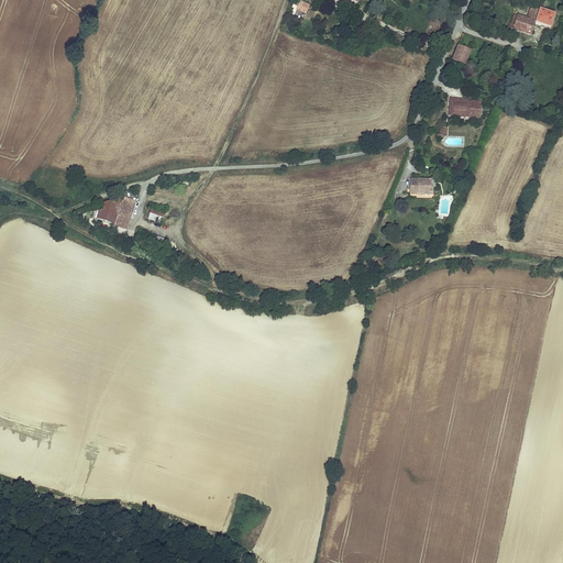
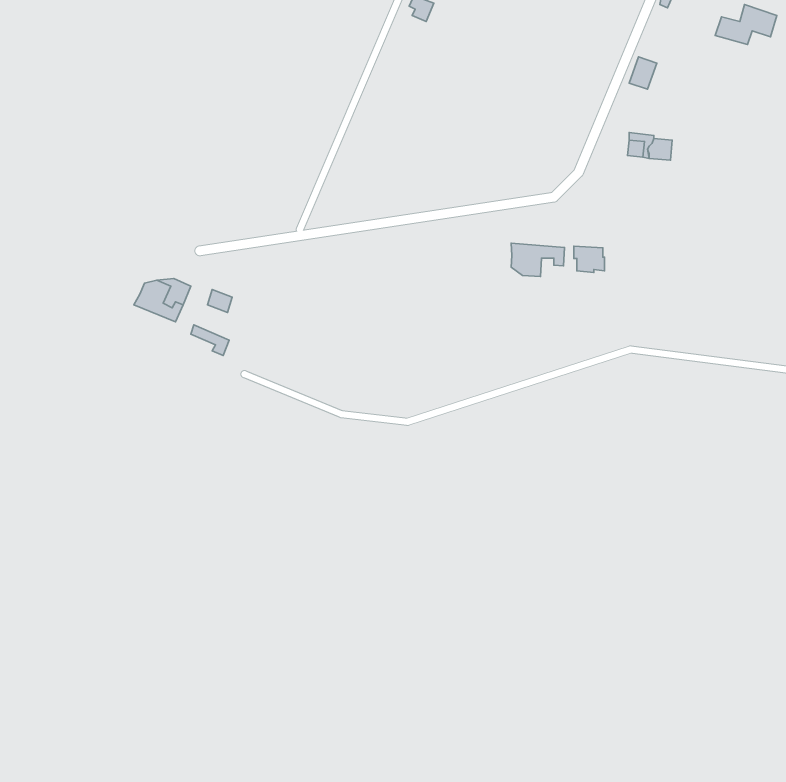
building: none -> [511,243,564,277]

